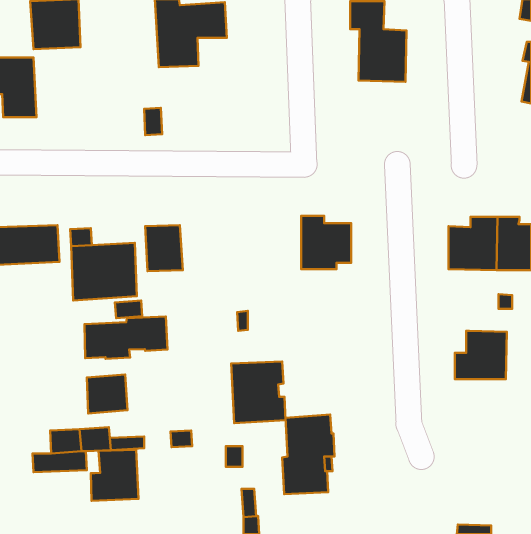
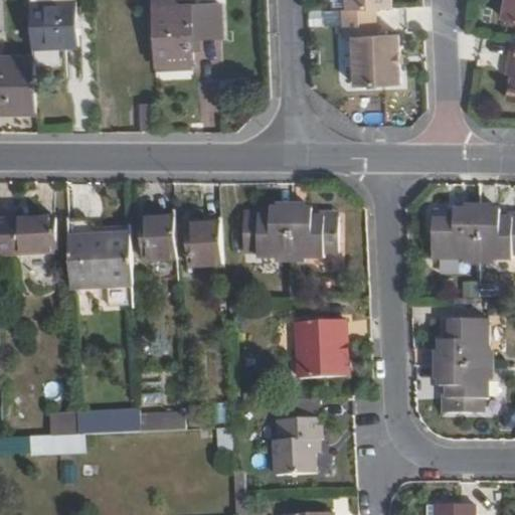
building: none -> [241,206,290,259]
building: none -> [185,222,222,267]
building: [85,317,168,359] -> none
building: [231,361,285,423] -> [295,319,347,378]
building: [87,374,128,413] -> none
building: none -> [438,364,487,412]
building: [91,450,138,501] -> none

